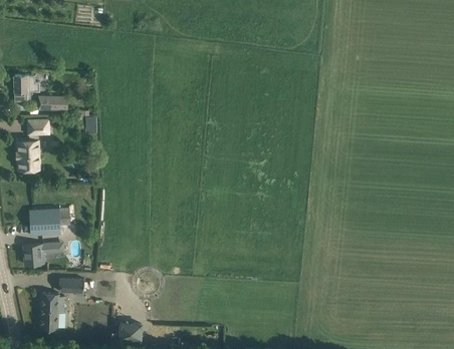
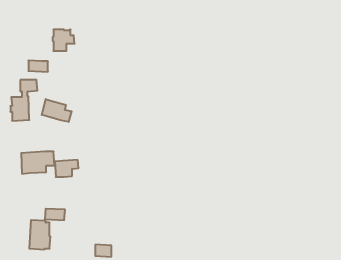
building: [13,74,40,100] -> [53,30,75,51]
building: none -> [42,99,72,122]
building: [24,243,53,264] -> [55,160,79,177]

